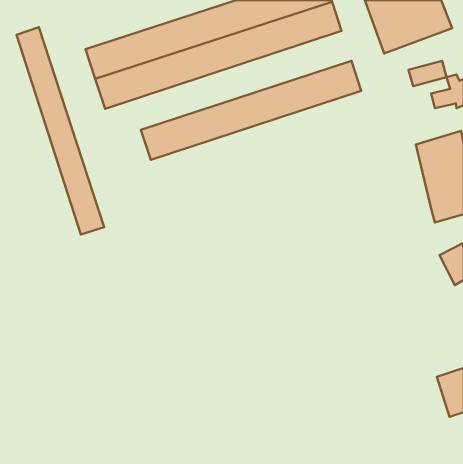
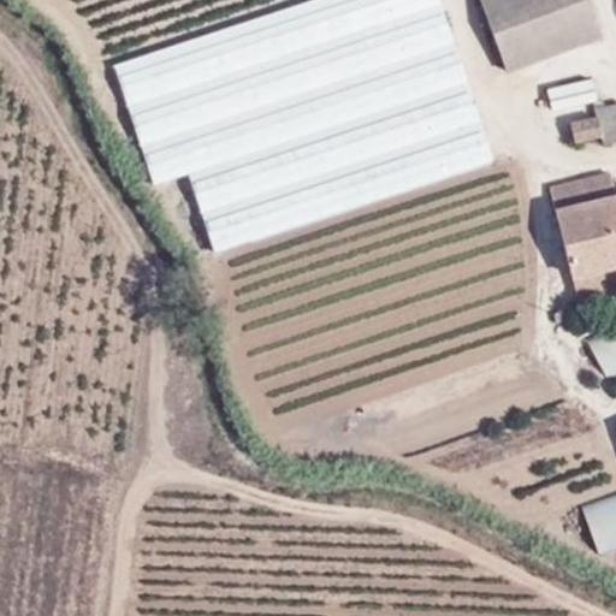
building: [17,27,104,235] -> none
building: none -> [141,41,467,184]
building: none -> [201,120,492,250]

